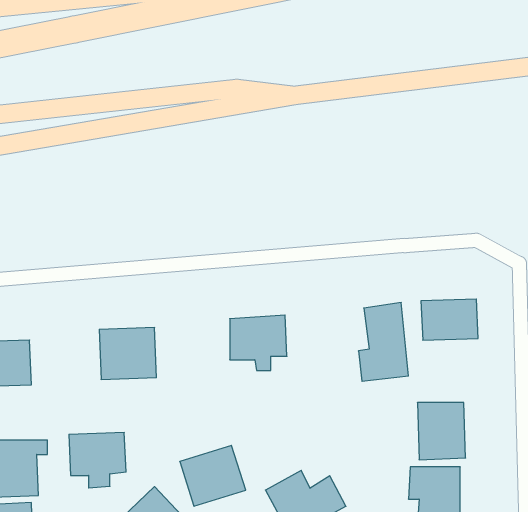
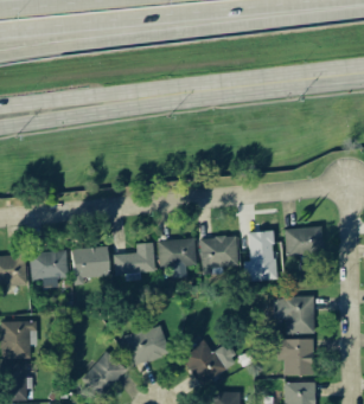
building: none -> [200,237,238,271]
building: none -> [115,243,155,274]
building: [69,433,126,488] -> [31,251,69,288]

